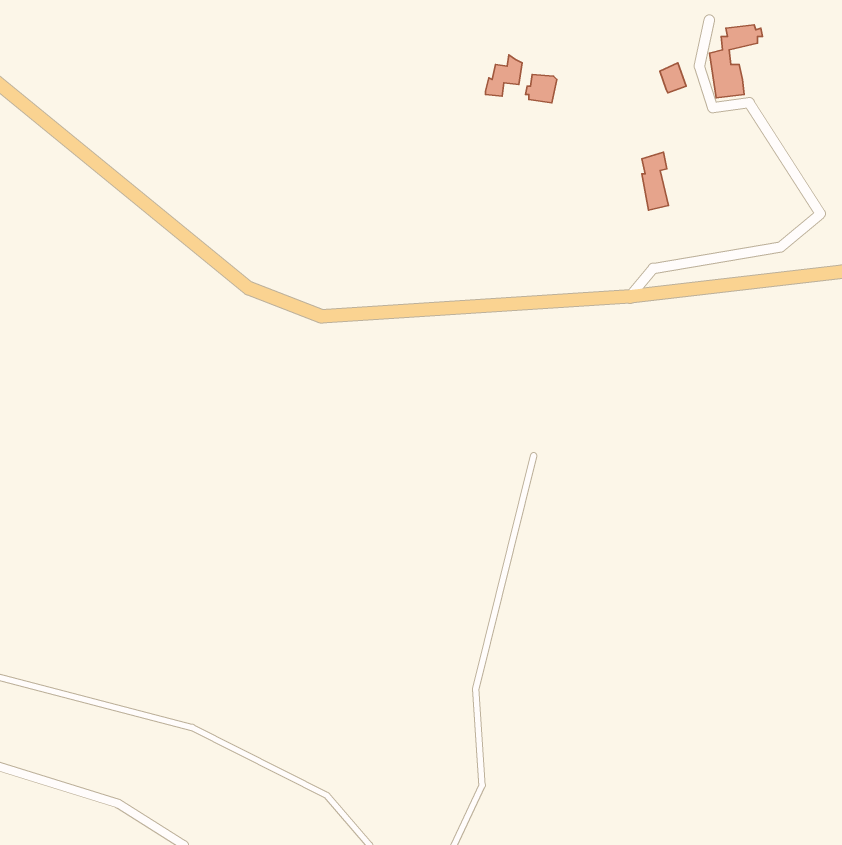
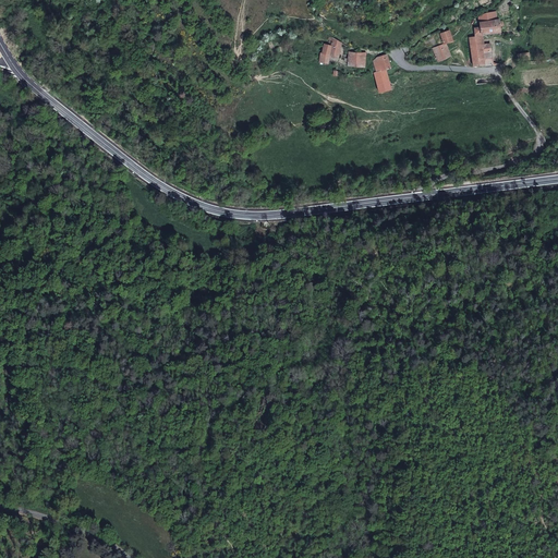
building: [642,152,668,210] -> [375,53,392,92]

